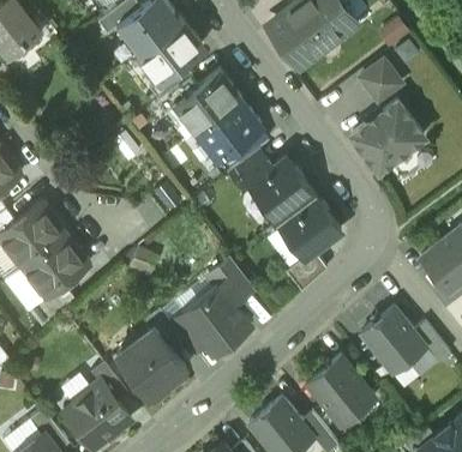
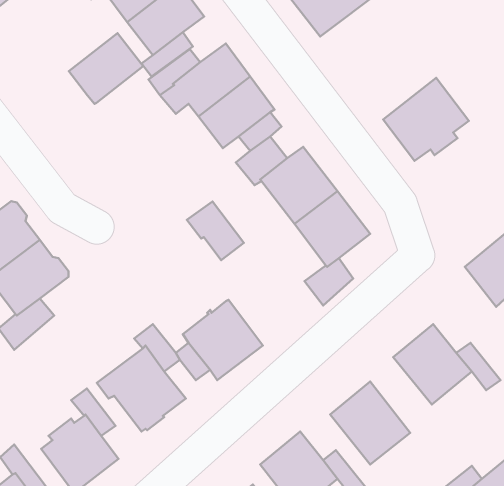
building: [360,60,401,101] -> none
building: none -> [69,33,143,104]
building: [208,257,256,306] -> [187,201,244,260]

